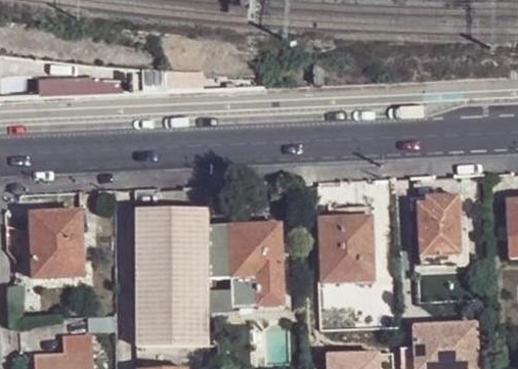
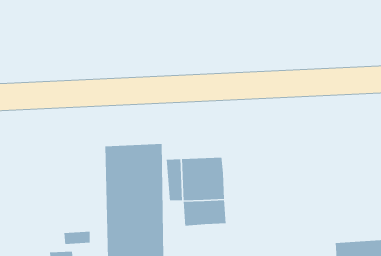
building: [416,195,461,256] -> none
building: [28,210,80,276] -> none
building: [320,217,373,281] -> none

